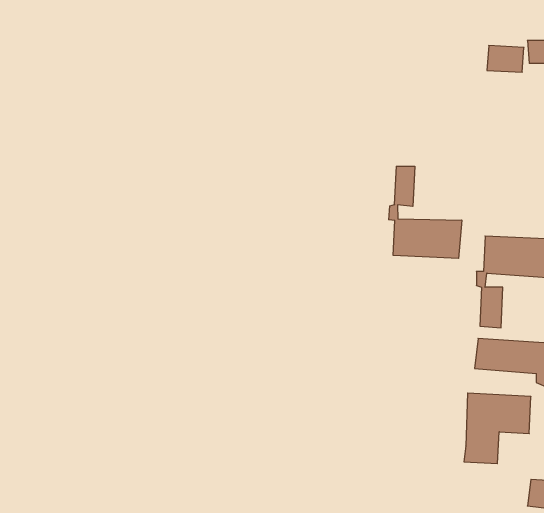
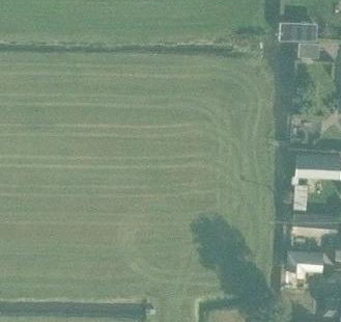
building: [389,166,462,258] -> none

